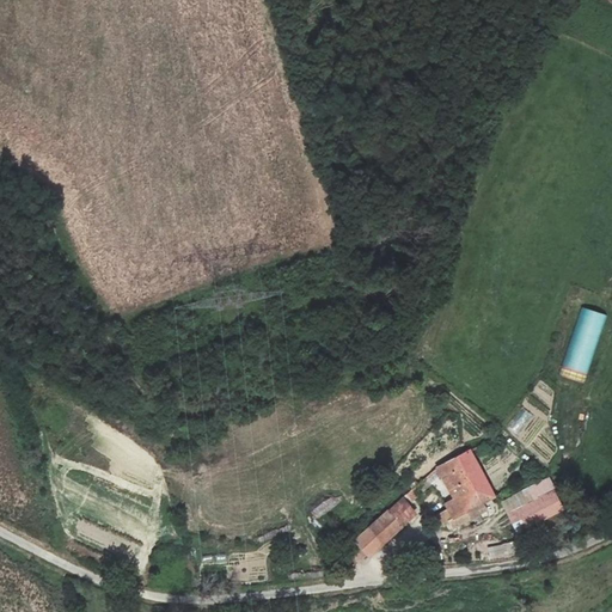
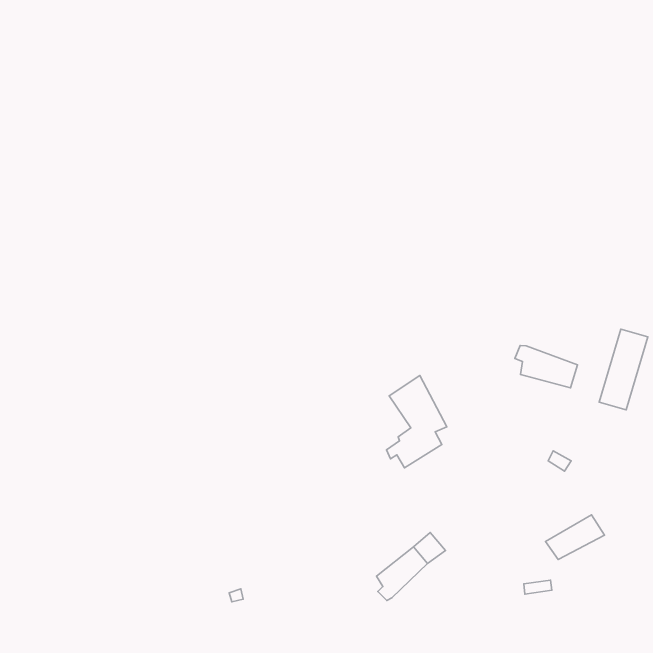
building: none -> [515,346,577,388]
building: [437,448,494,534] -> [387,375,447,468]

